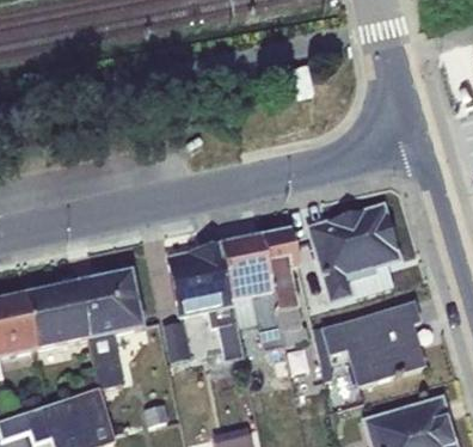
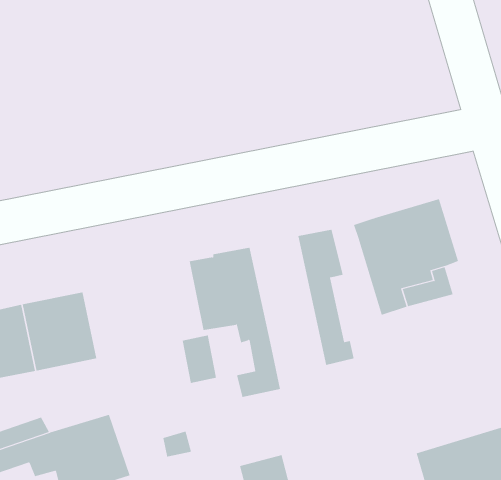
building: [220,234,284,350] -> none
building: [76,270,141,387] -> none
building: [314,300,423,385] -> none

